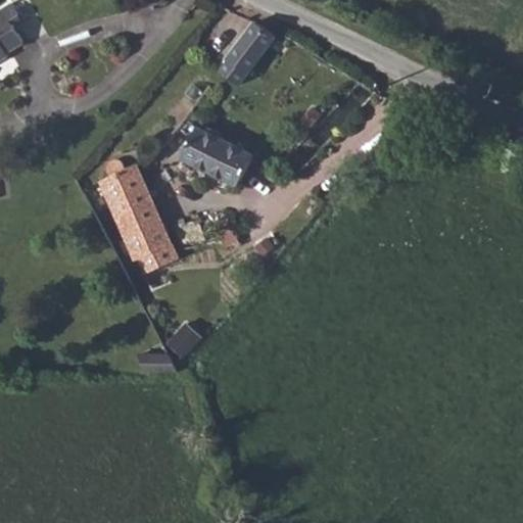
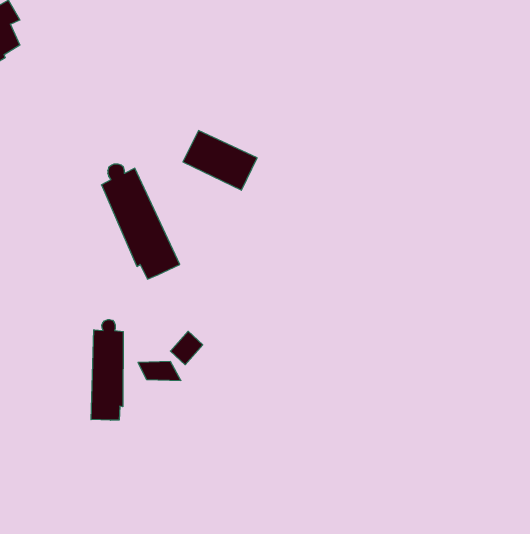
building: [218,21,274,85] -> none
building: none -> [91,320,123,420]

